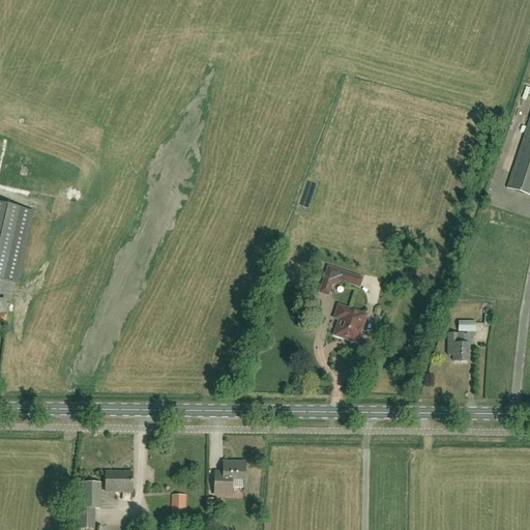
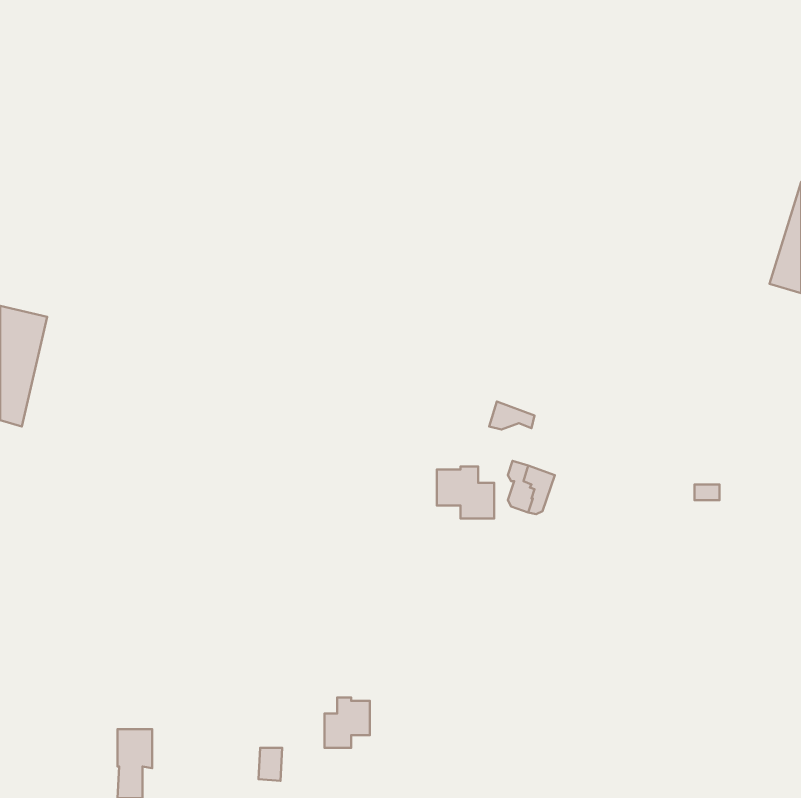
building: none -> [437,466,494,519]
building: [448,332,468,360] -> none
building: [106,471,131,491] -> none

